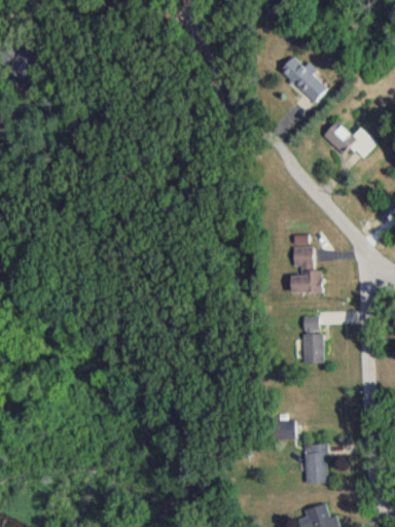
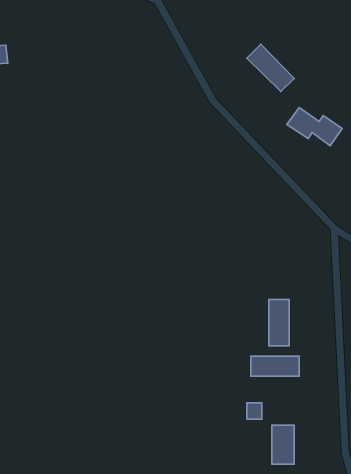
building: [289,246,322,292] -> none
building: none -> [251,356,299,376]

